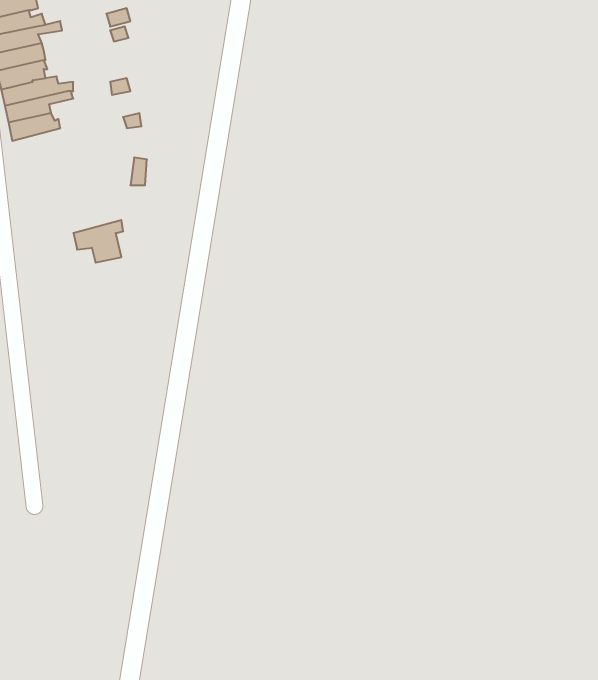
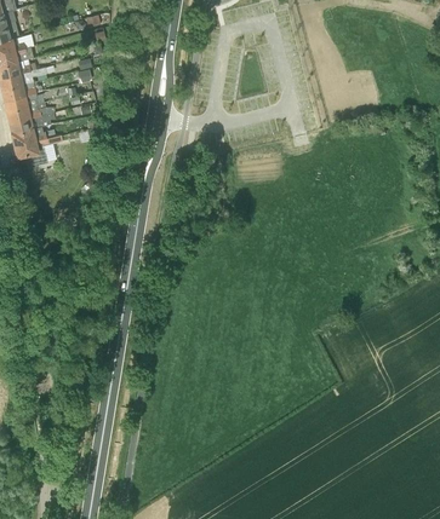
building: [73,220,123,263] -> [13,138,46,166]

